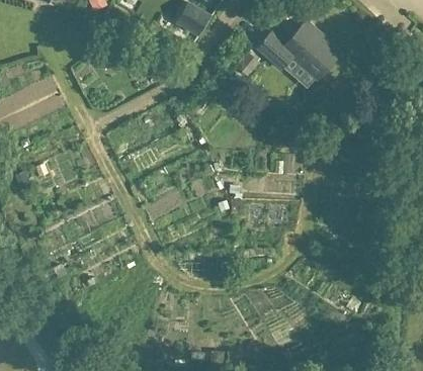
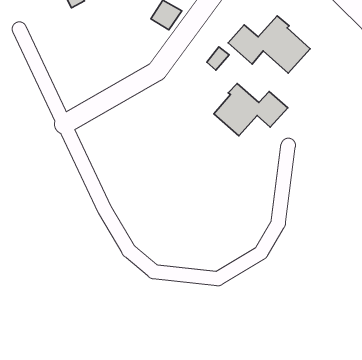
building: none -> [214,83,288,136]

